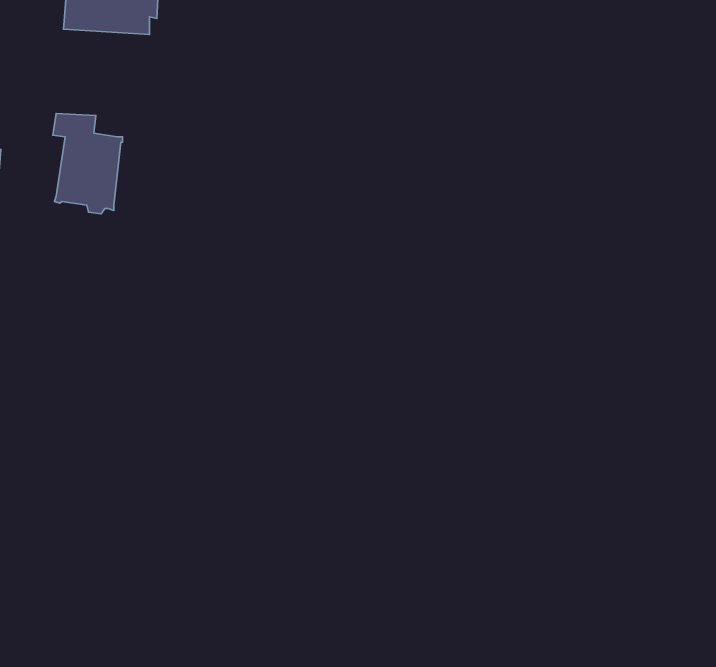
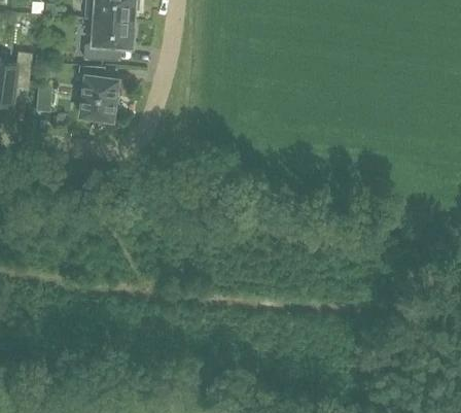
building: none -> [84,18,135,61]

